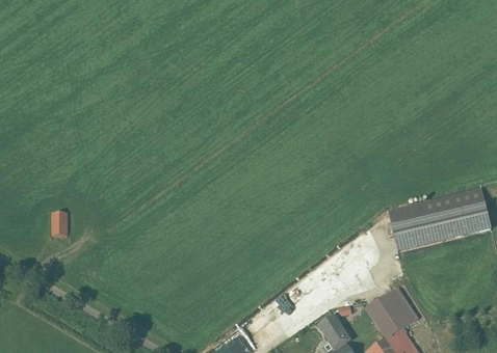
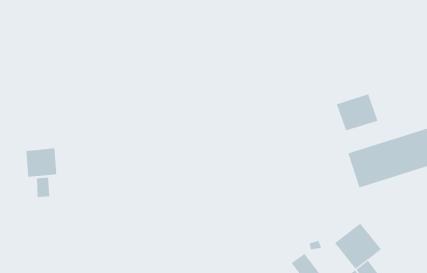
building: none -> [336,94,378,131]
building: none -> [26,148,57,178]

